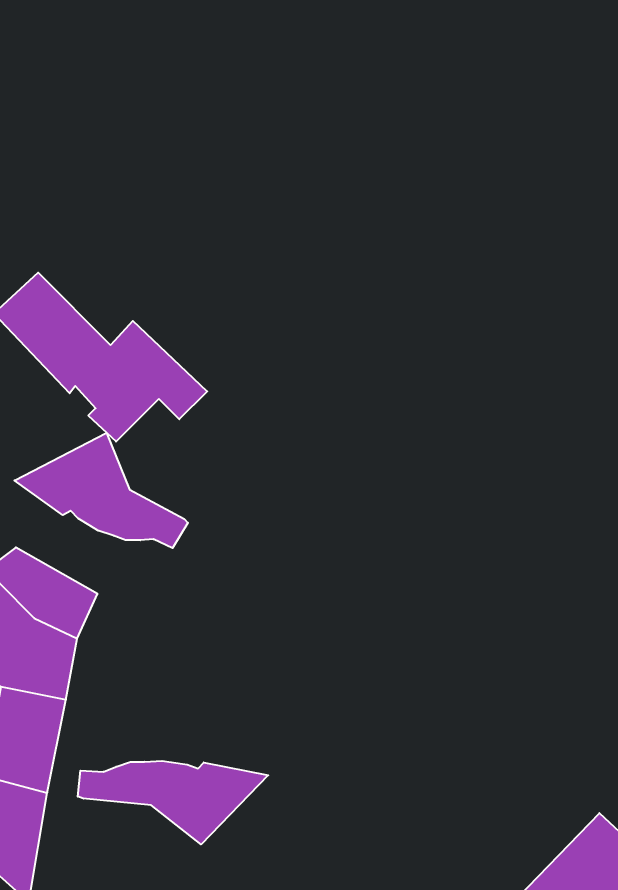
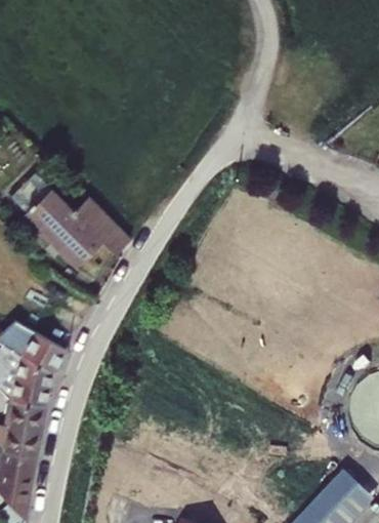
building: [14,433,188,548] -> none
building: [78,761,268,844] -> none

